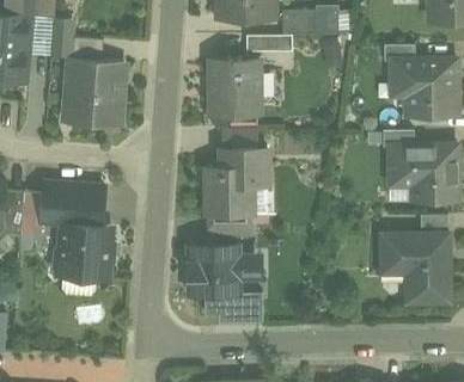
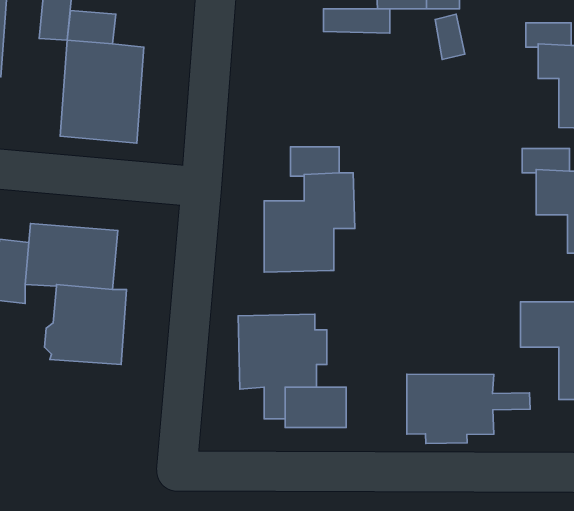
building: [209,60,256,117] -> none
building: [207,215,250,239] -> none
building: none -> [407,374,530,443]

